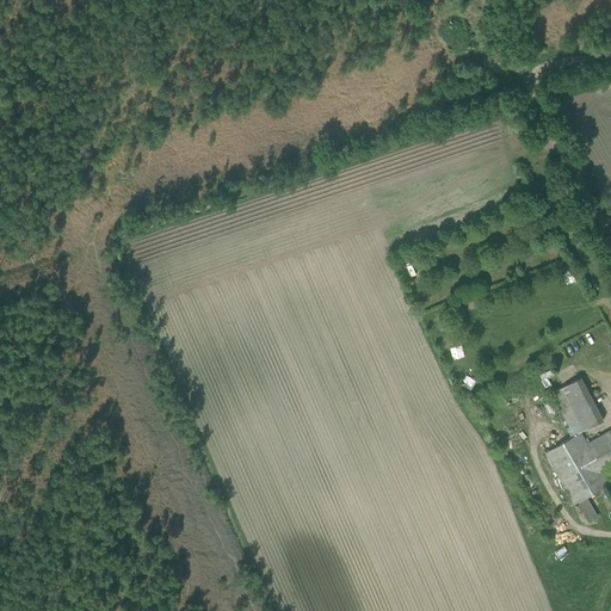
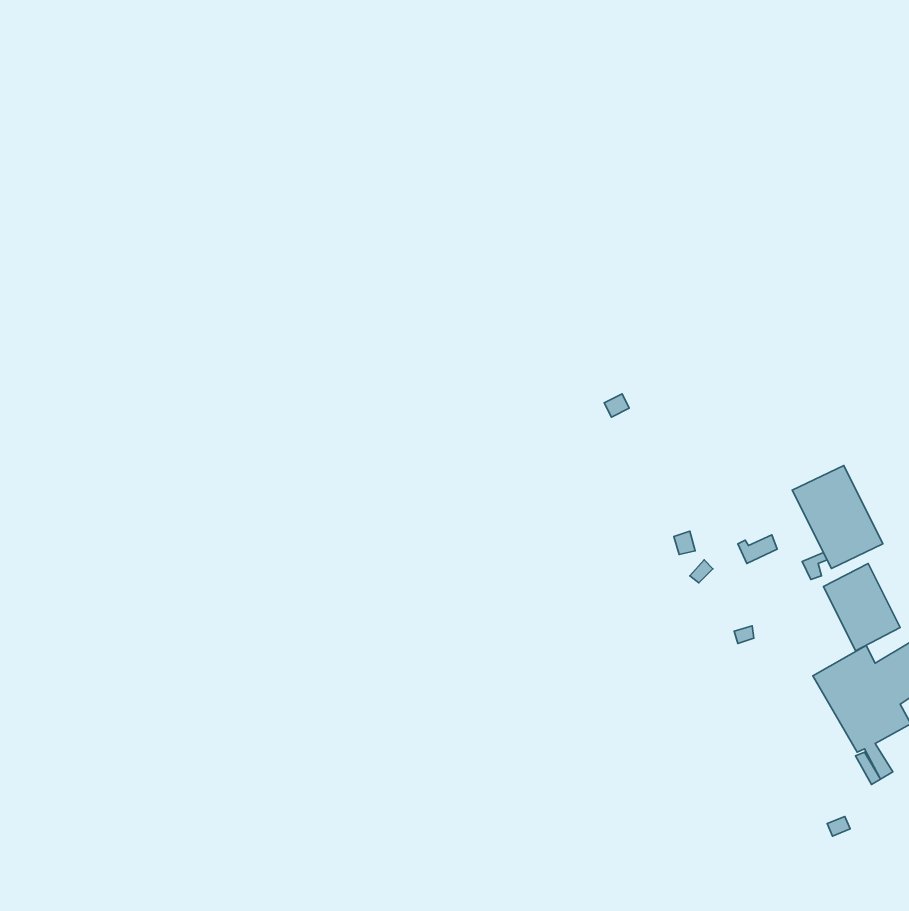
building: none -> [792,466,883,568]

